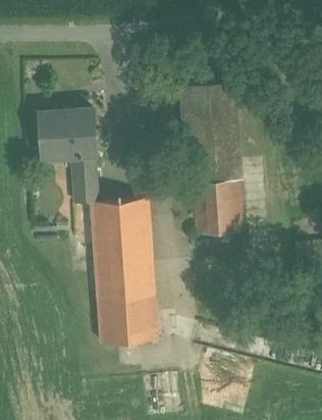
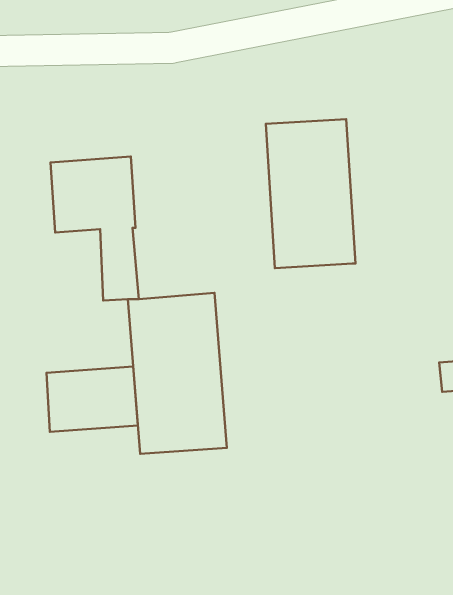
building: [193,178,243,234] -> none
building: [99,300,159,343] -> [47,367,138,432]

